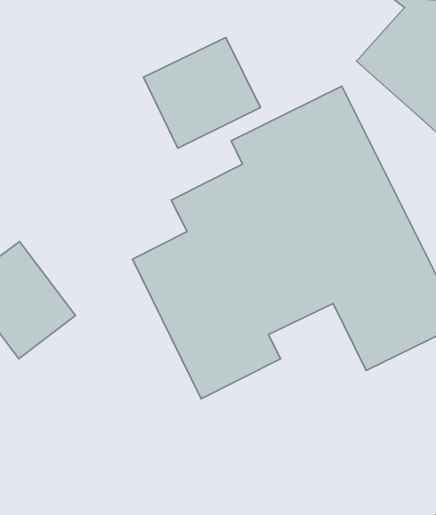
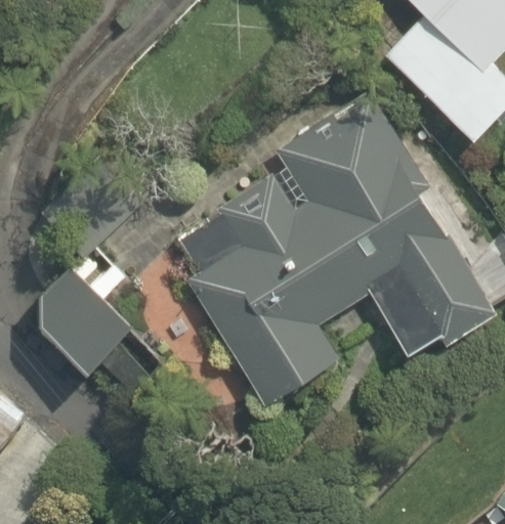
building: [144,37,261,148] -> none

